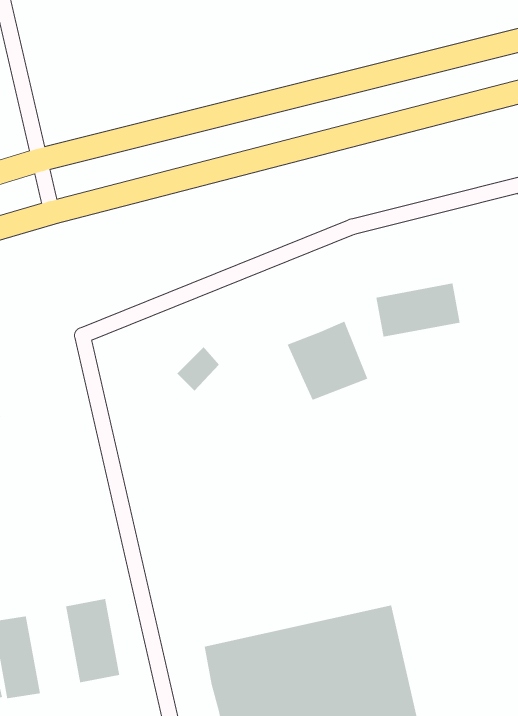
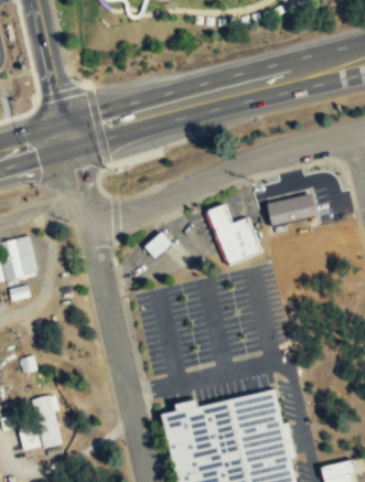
building: none -> [204,203,232,231]
building: [66,598,120,683] -> none

